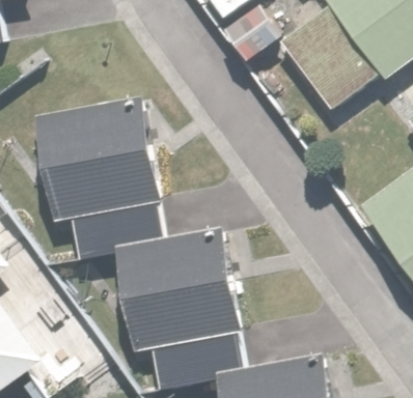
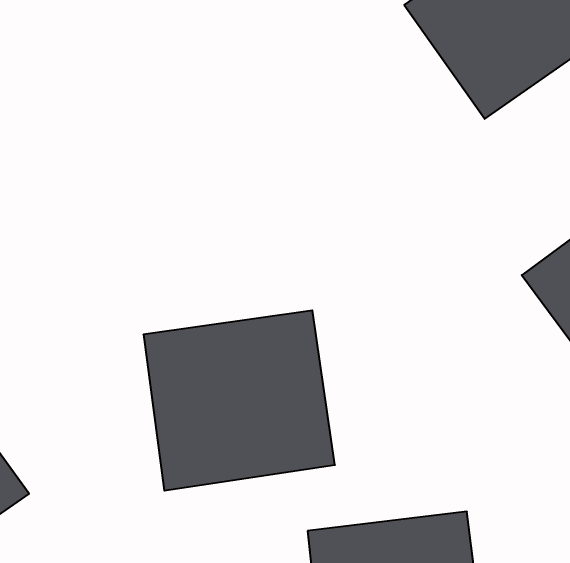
building: [45,107,152,214] -> none

